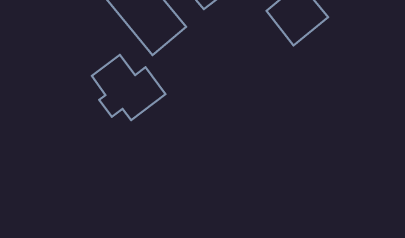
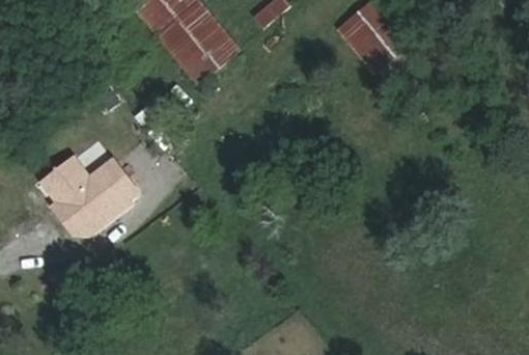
building: [92,55,166,120] -> [39,147,135,231]

